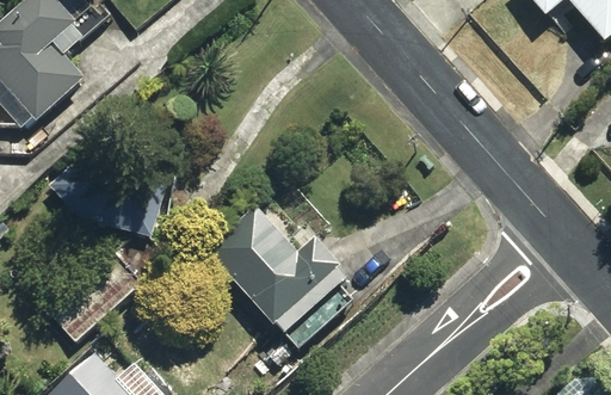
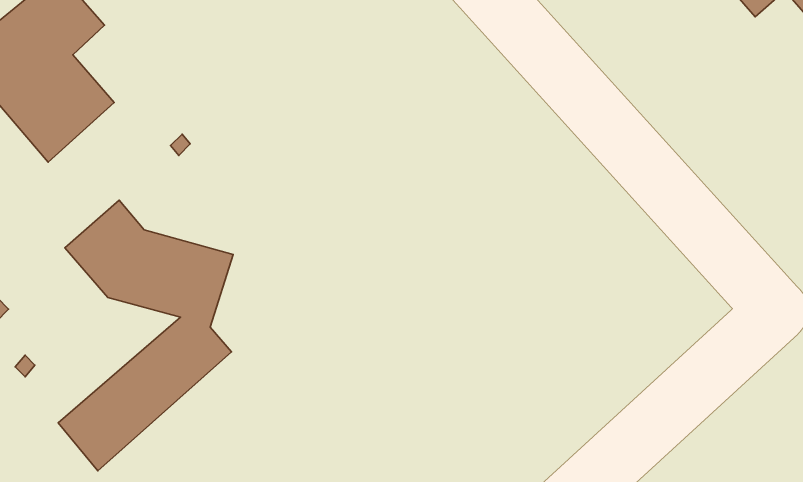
building: [208,206,352,339] -> none

